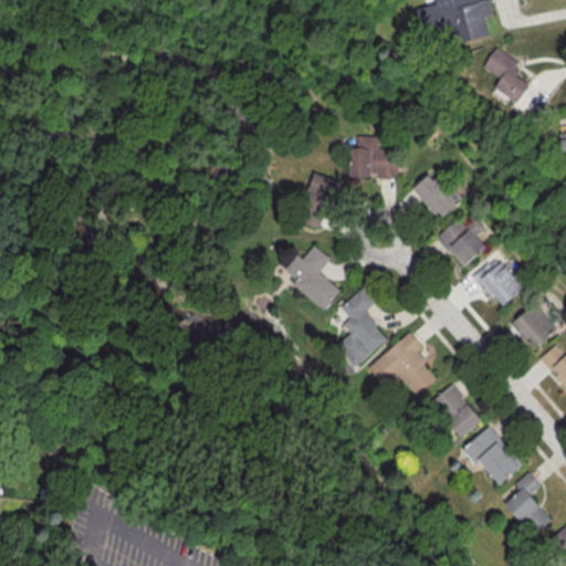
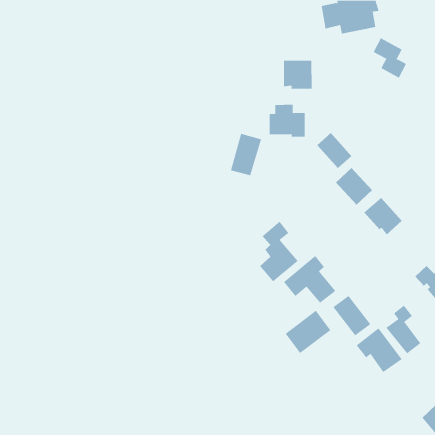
building: none -> [284,60,312,89]
building: [284,245,340,310] -> none
building: [512,297,557,349] -> none
building: none -> [285,310,331,354]
building: [505,472,552,536] -> [386,305,421,354]

